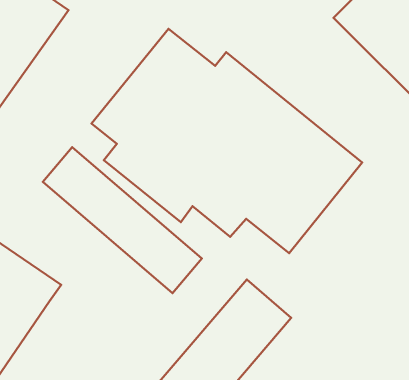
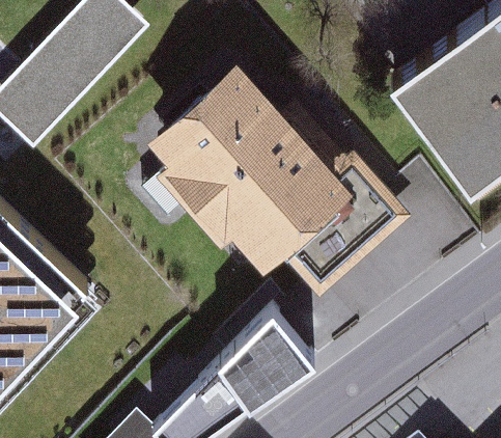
building: [43,147,202,293] -> none

